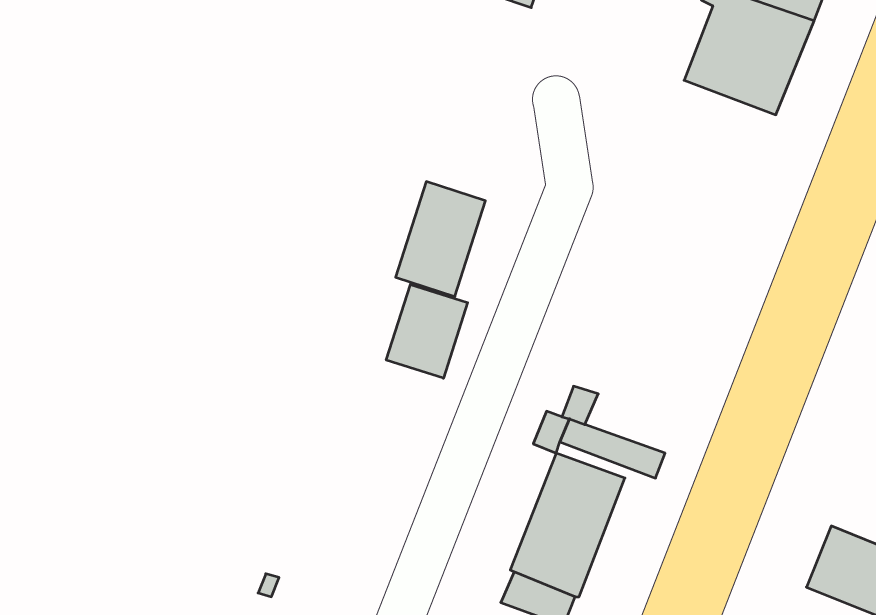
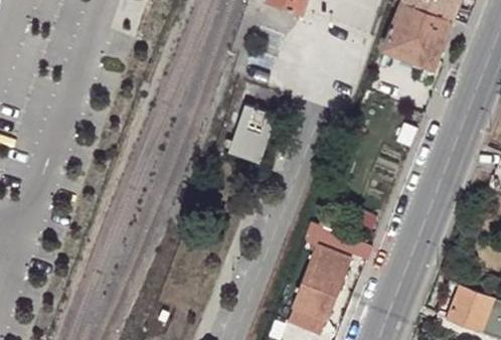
building: [386,284,468,378] -> none

